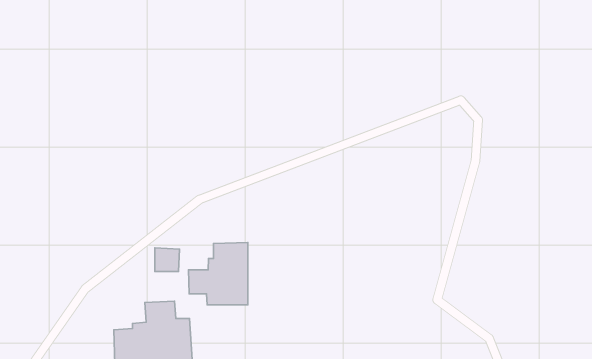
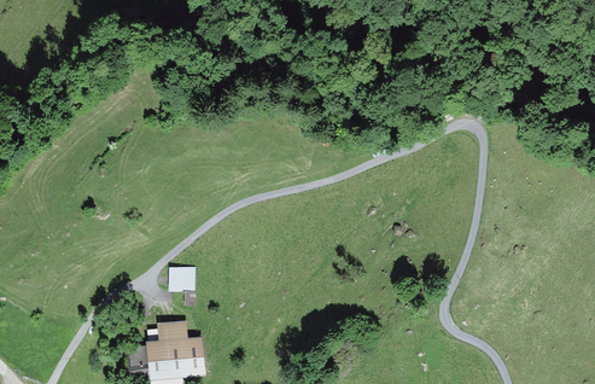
building: [189,243,248,305] -> none

